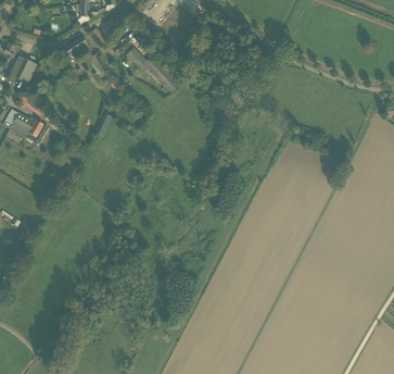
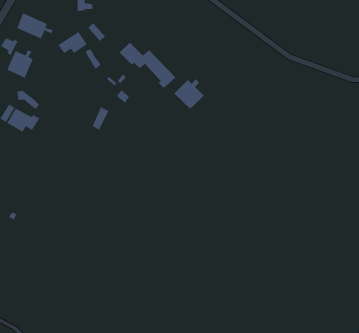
building: none -> [16,13,54,39]
building: none -> [174,78,205,110]

